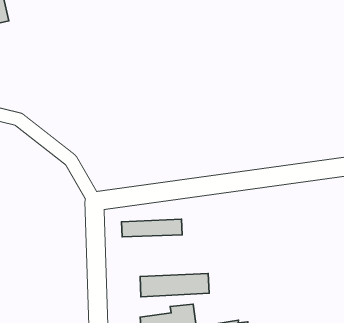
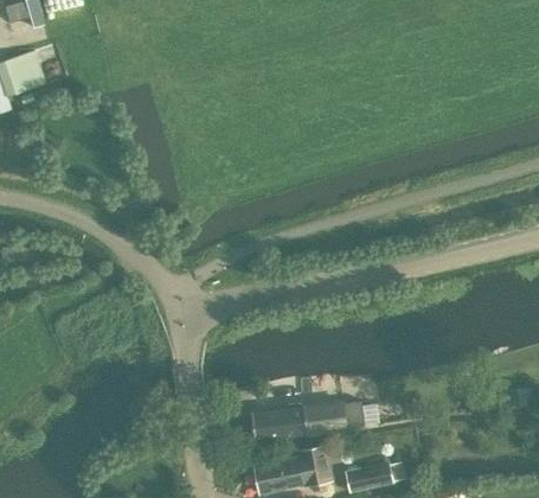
building: [122,219,182,237] -> none

